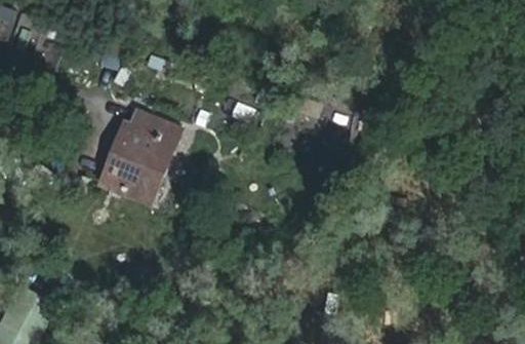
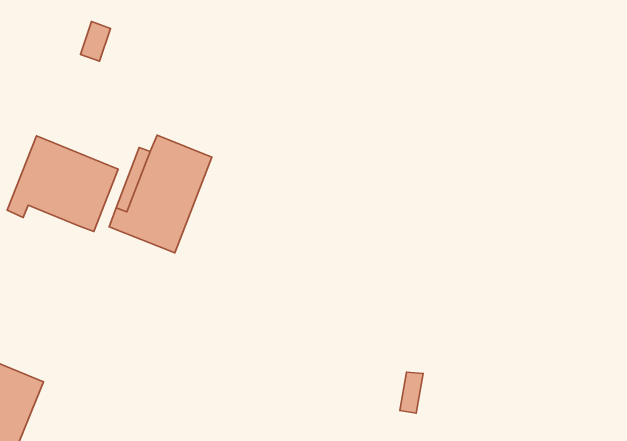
building: none -> [7,136,118,231]

